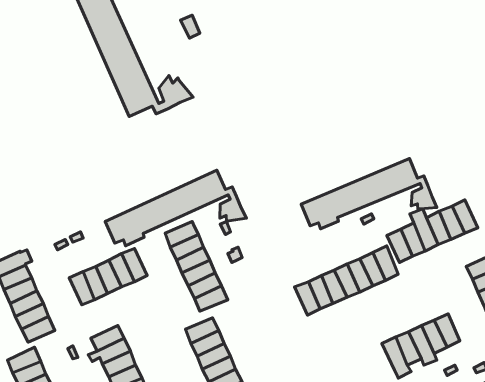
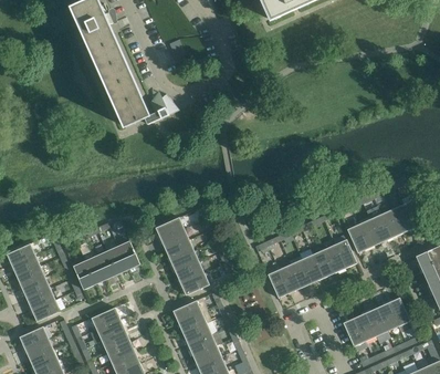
building: [301,159,437,229] -> none
building: [105,170,246,246] -> none

